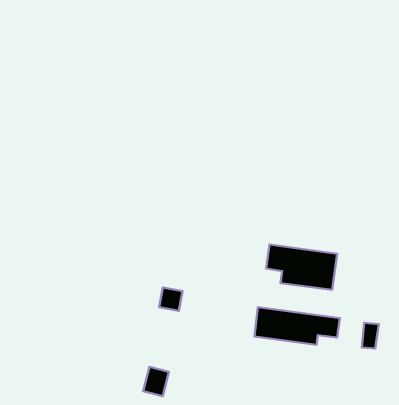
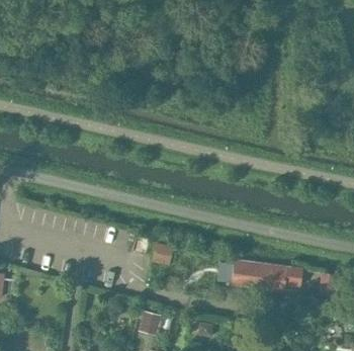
building: [266,245,337,290] -> none

